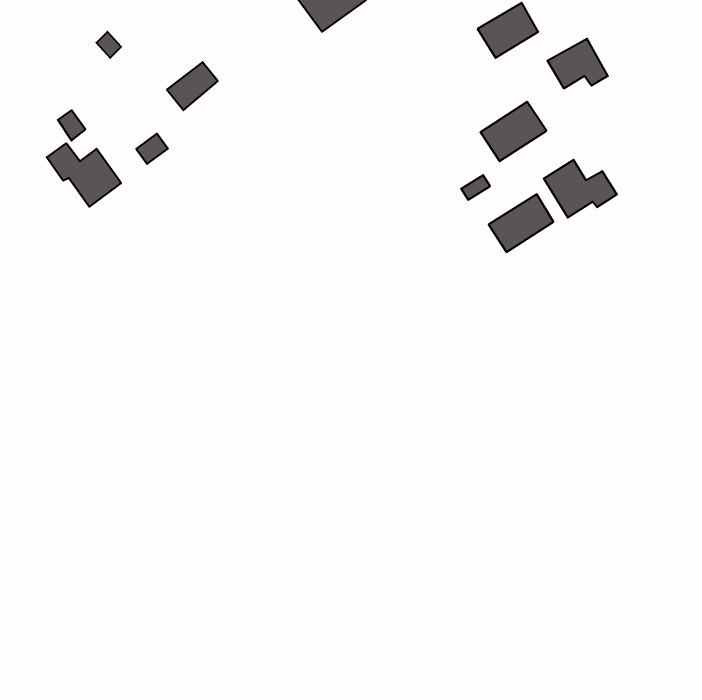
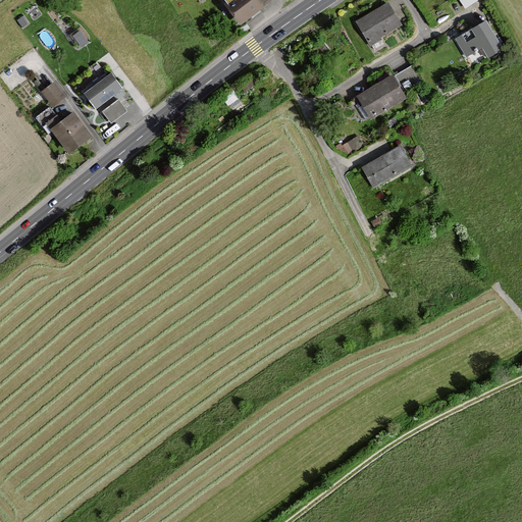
building: [547,39,608,88] -> [456,21,501,58]
building: [167,62,218,110] -> [83,73,120,109]
building: [544,160,617,218] -> none

